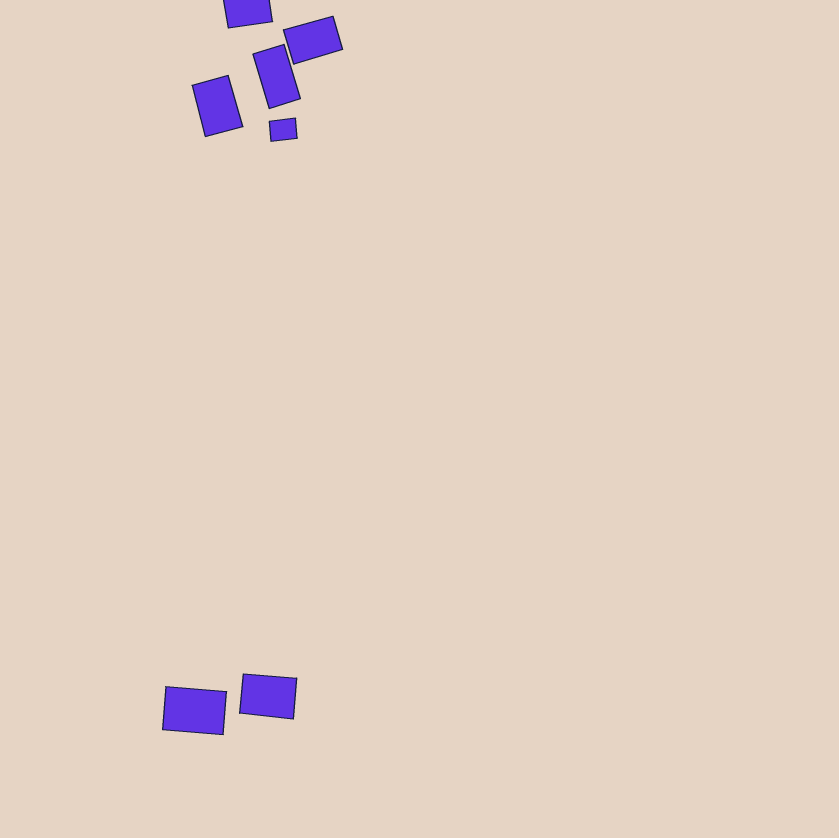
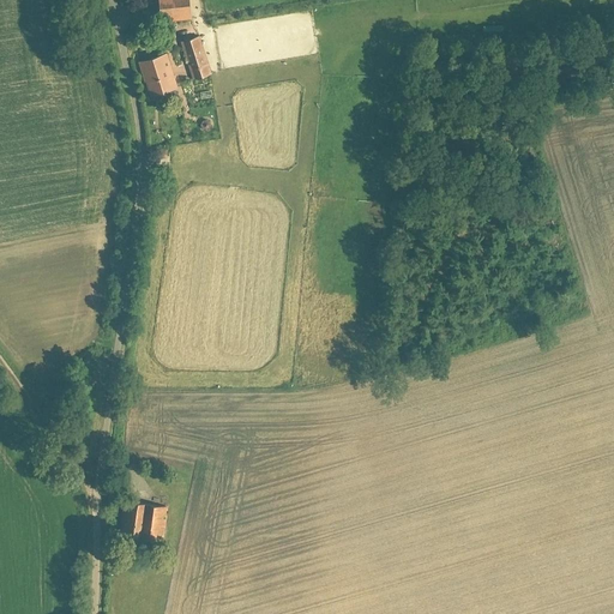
building: [284,16,342,64] -> none
building: [240,674,297,719] -> none

